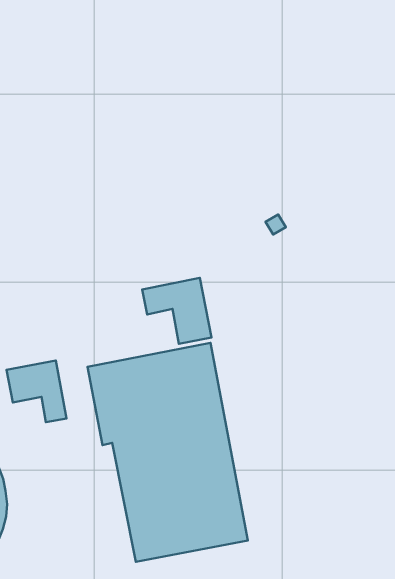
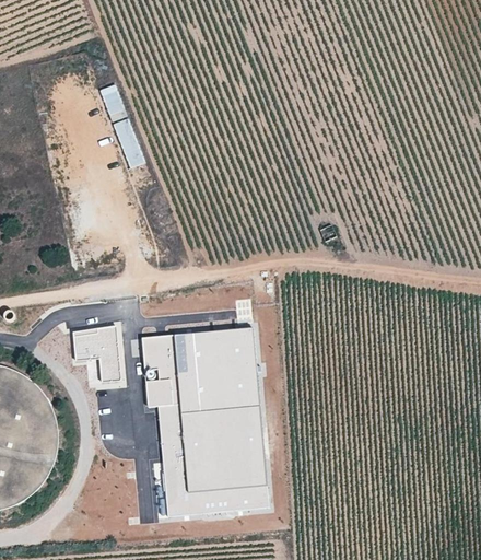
building: [142,278,211,344] -> none

